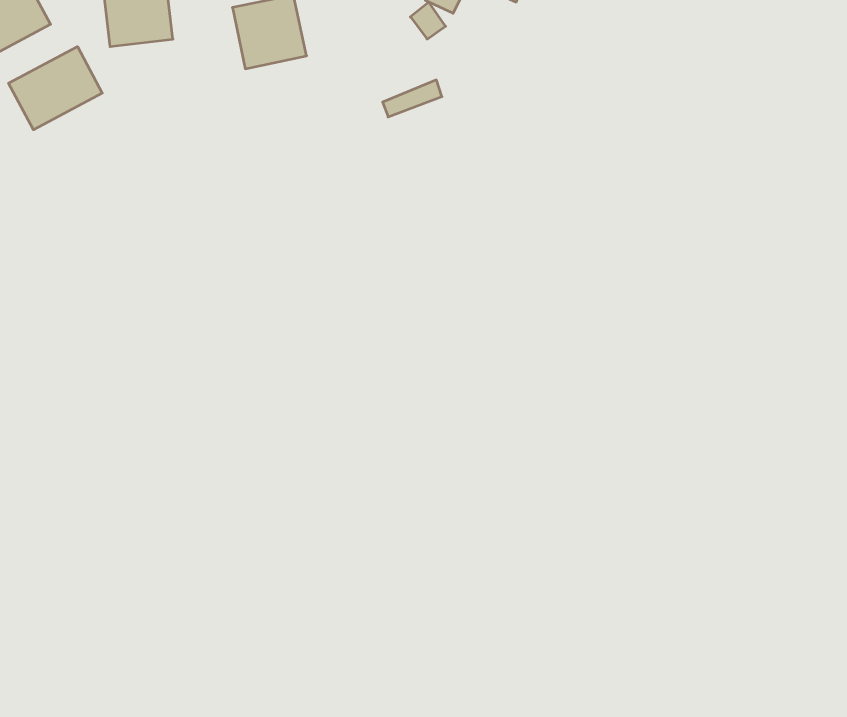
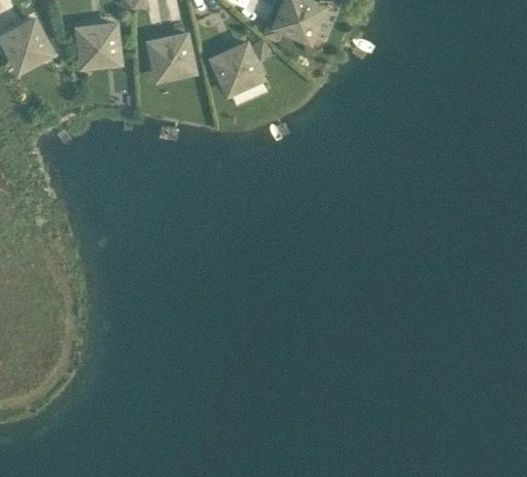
building: none -> [212,42,258,89]
building: [9,47,102,130] -> none

